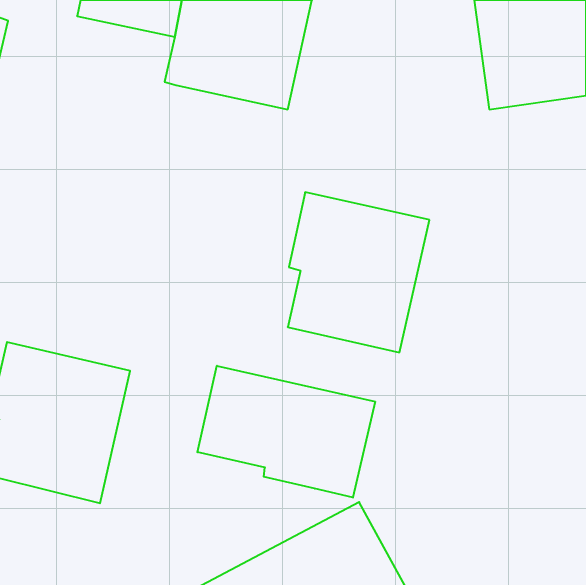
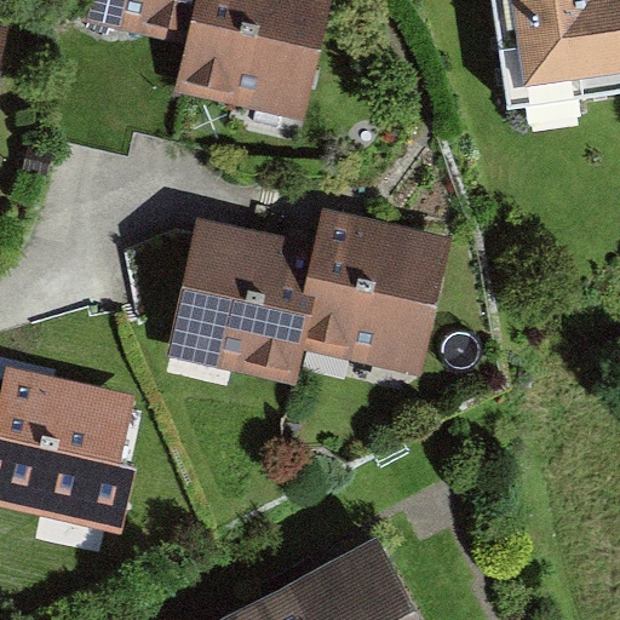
building: none -> [167,214,316,385]
building: [197,366,375,498] -> none

